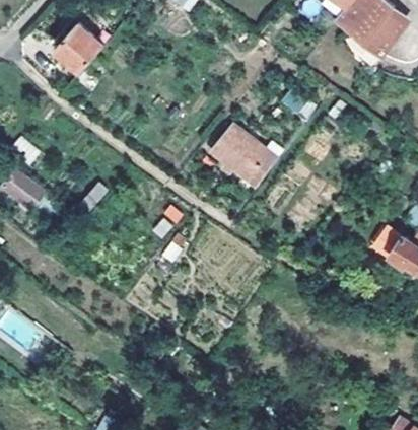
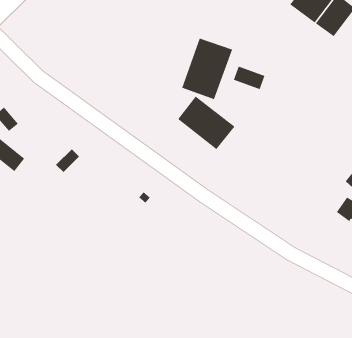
building: [56,24,106,73] -> none
building: none -> [181,38,233,100]

